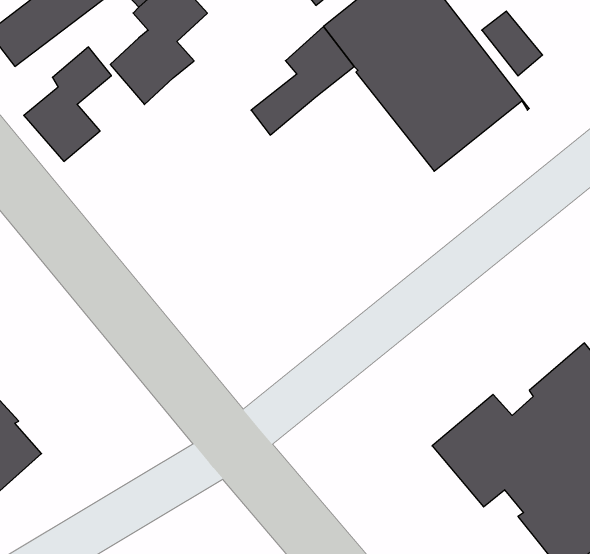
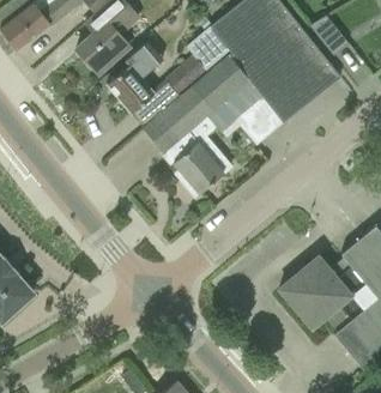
building: [24,47,111,161] -> [107,41,162,113]
building: none -> [143,54,284,198]

